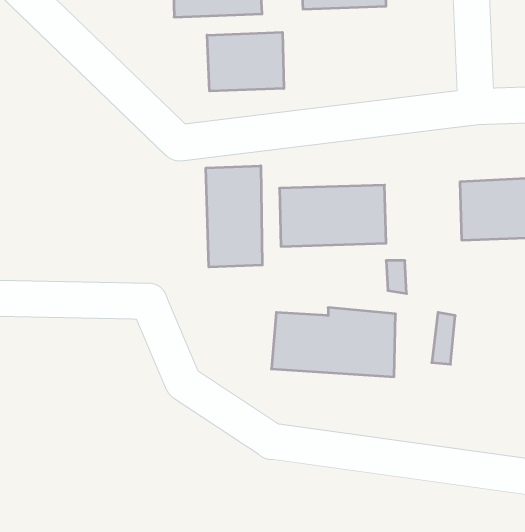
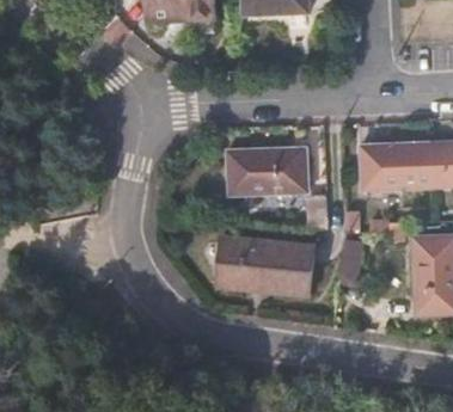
building: [207,32,284,91] -> none
building: [206,166,262,267] -> none

